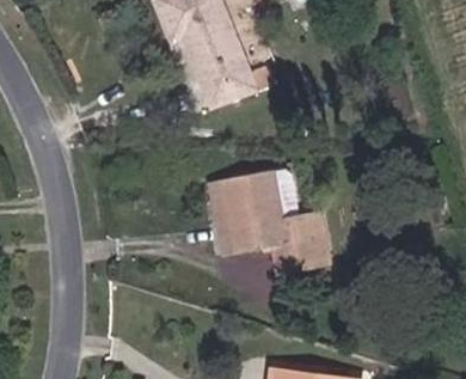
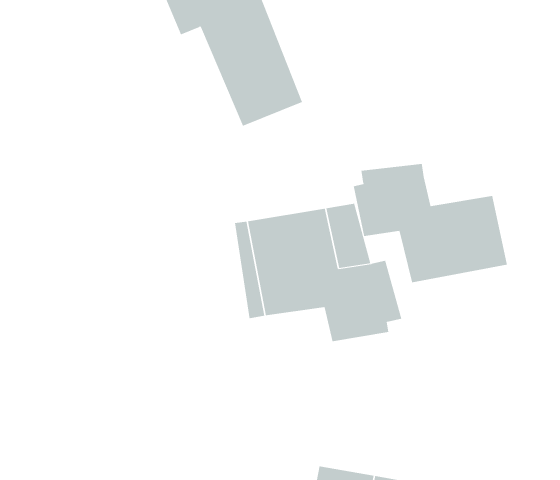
building: none -> [353,163,508,283]

